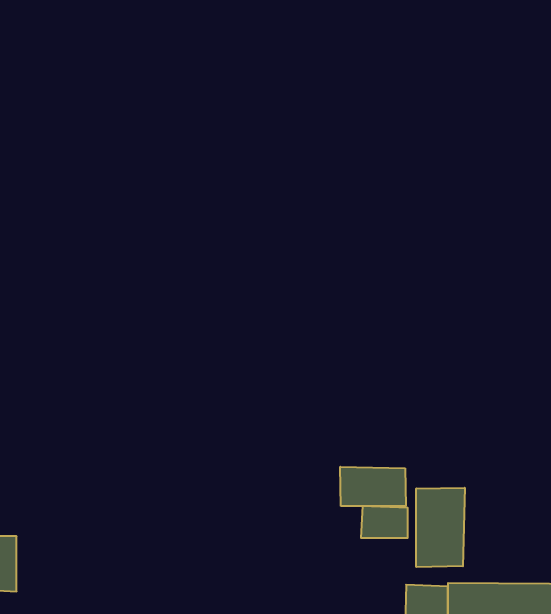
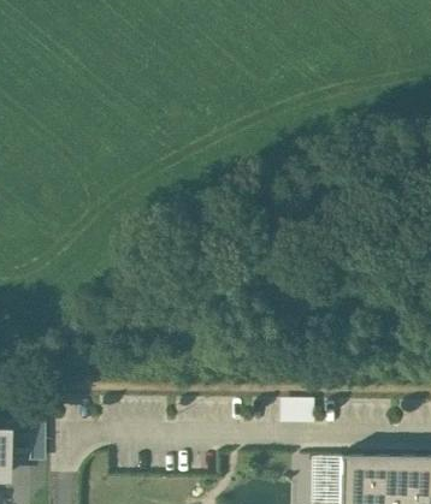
building: [340,467,406,506] -> none
building: [416,488,465,567] -> none

